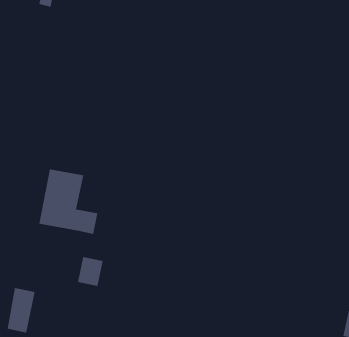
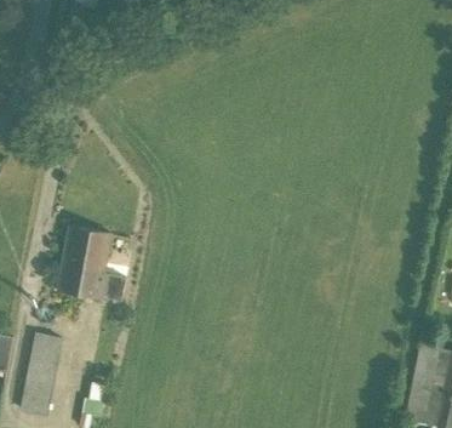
building: [77,257,104,286] -> [30,333,61,367]

